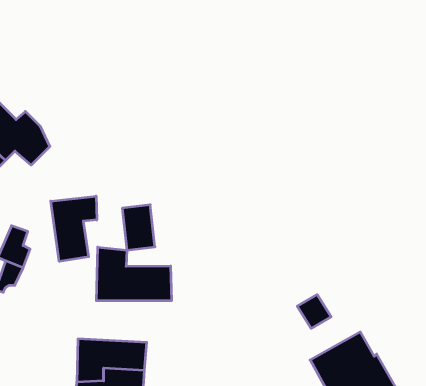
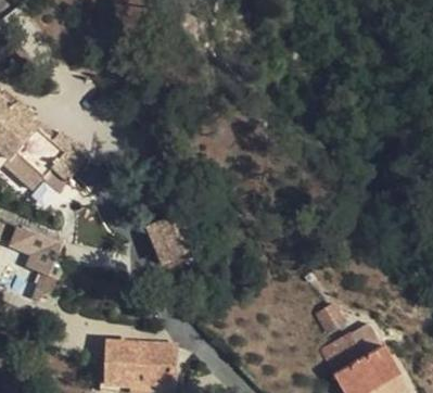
building: [51,196,97,261] -> none
building: [96,247,171,301] -> none

